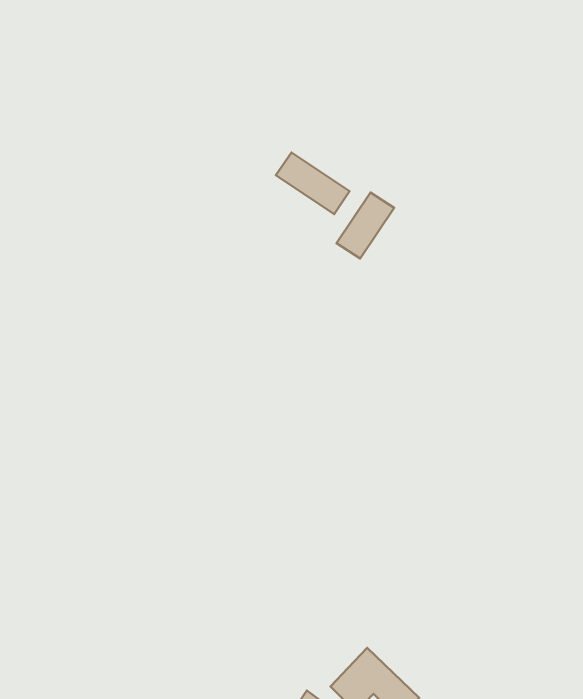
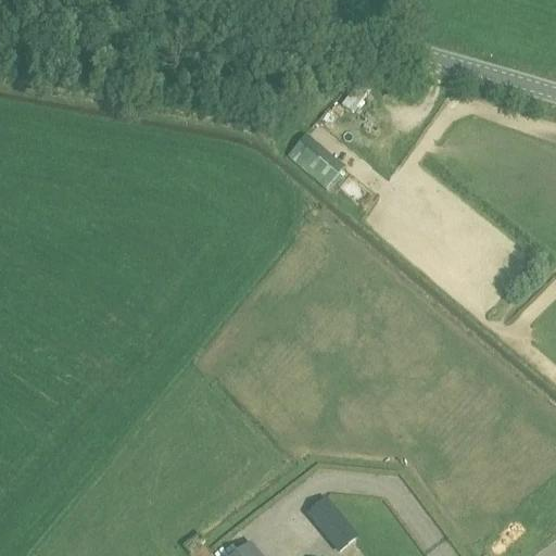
building: [337,192,394,259] -> none

